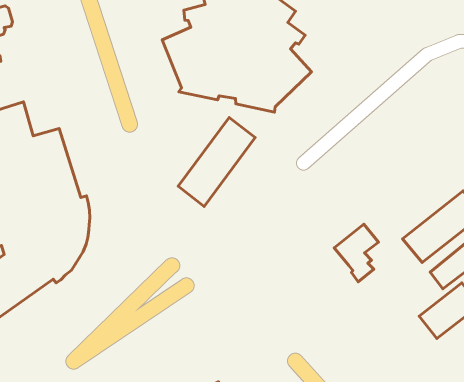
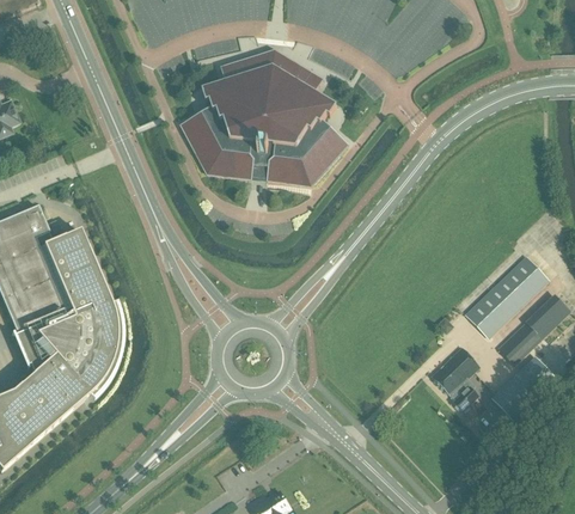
building: [178,118,255,206] -> none
building: [334,224,379,282] -> [433,347,481,410]

